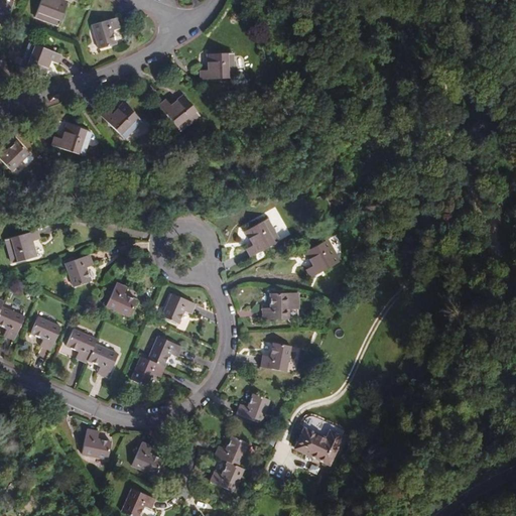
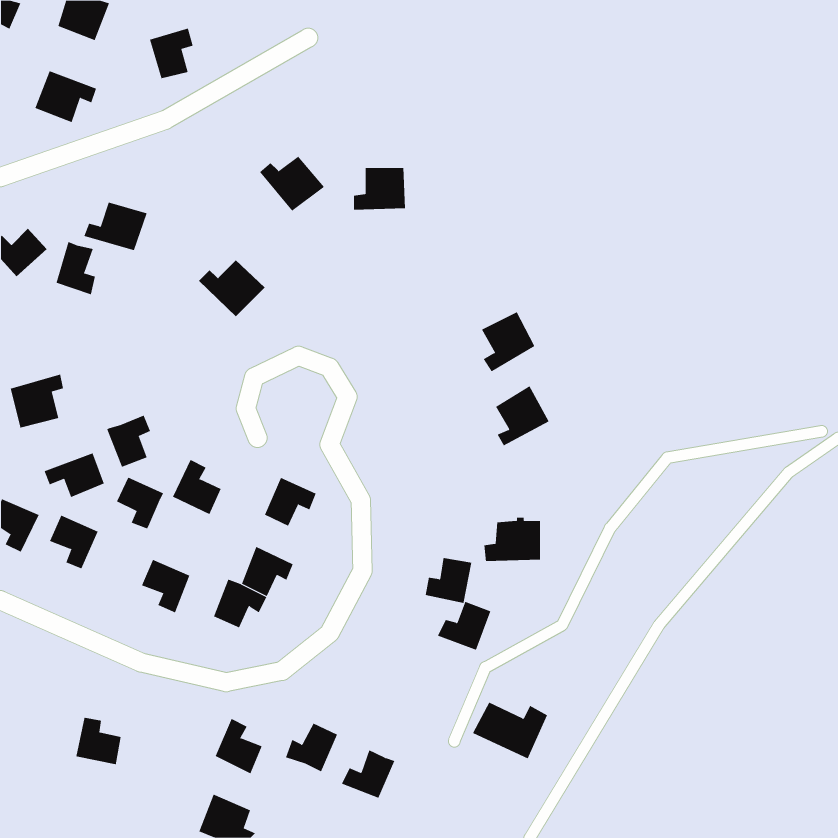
building: [201,52,233,79] -> [353,168,406,210]
building: [100,103,141,138] -> [198,260,265,317]
building: none -> [56,241,96,295]
building: [245,219,278,256] -> [481,312,535,372]
building: none -> [44,452,105,498]
building: [262,291,297,318] -> [483,517,541,561]
building: [67,330,96,362] -> [116,477,164,529]
building: [236,393,269,423] -> [437,601,491,651]
building: [82,429,110,459] -> [76,717,121,765]
building: [215,435,247,466] -> [285,723,338,772]

